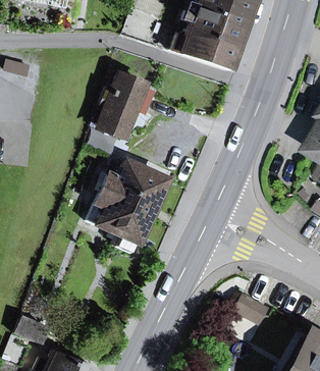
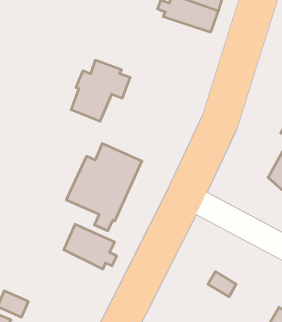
building: [173,28,241,70] -> none
building: none -> [64,224,117,269]

